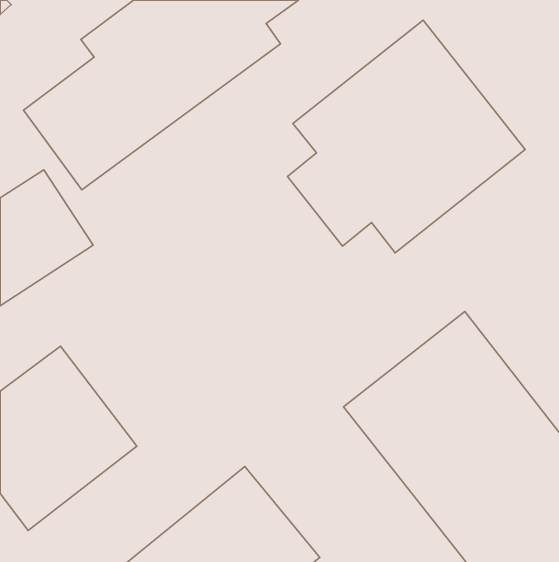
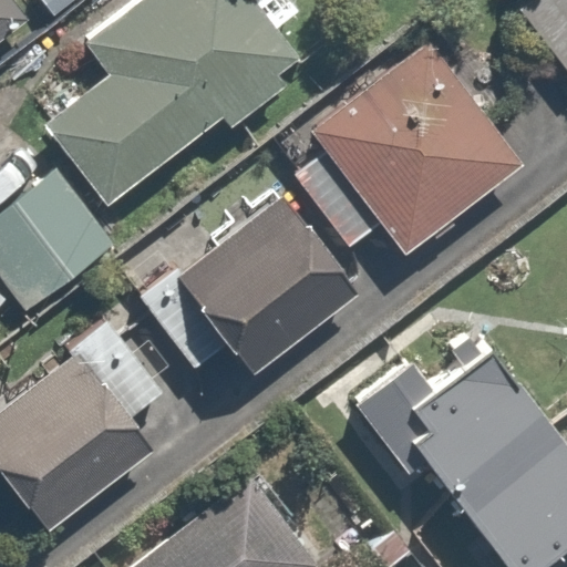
building: none -> [168,199,362,388]

